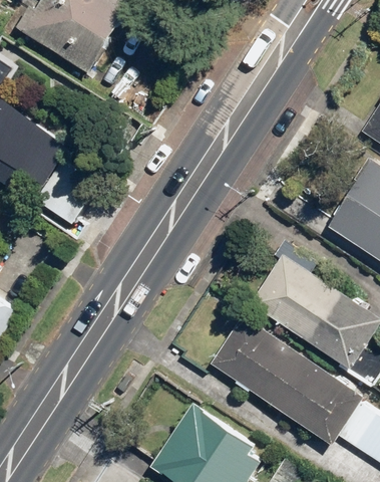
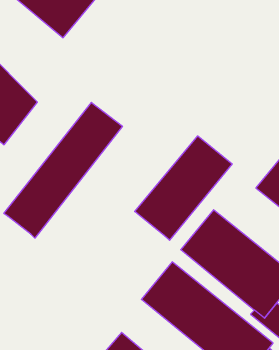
building: none -> [4,102,122,238]
building: none -> [135,136,232,240]

